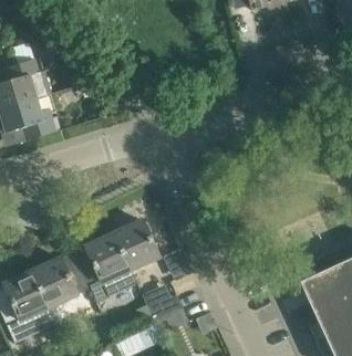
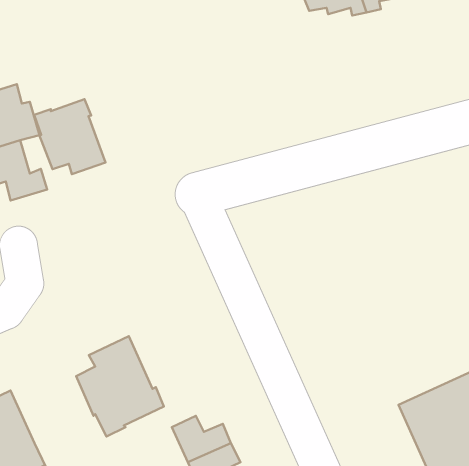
building: none -> [34,99,106,174]
building: [112,220,159,270] -> none
building: [30,258,87,307] -> none

